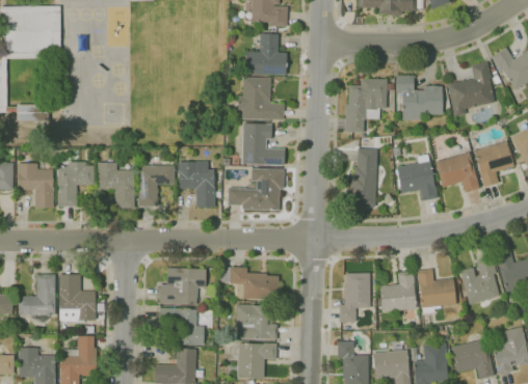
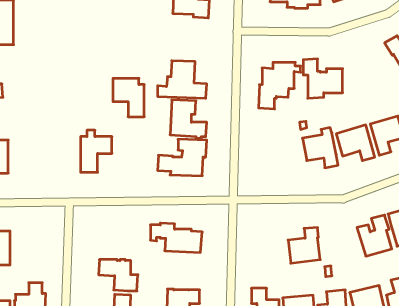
building: [245,33,287,75] -> none
building: [448,61,495,116] -> none
building: [348,148,377,208] -> none
building: [99,160,135,208] -> none
building: [58,162,95,207] -> none
building: [179,162,215,207] -> [113,78,144,117]
building: [160,268,216,305] -> none
building: [417,269,456,313] -> none
building: [339,273,370,323] -> none
building: [60,274,97,322] -> none
building: [236,302,278,339] -> none

